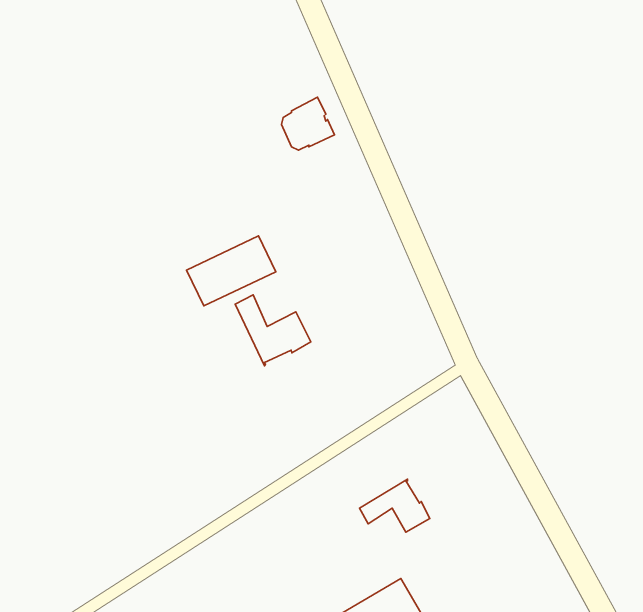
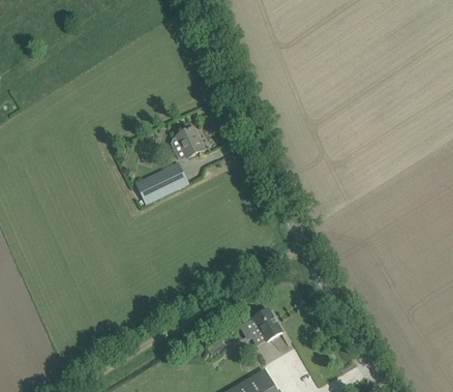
building: [281,97,334,150] -> [171,128,203,160]
building: [235,295,311,366] -> none

